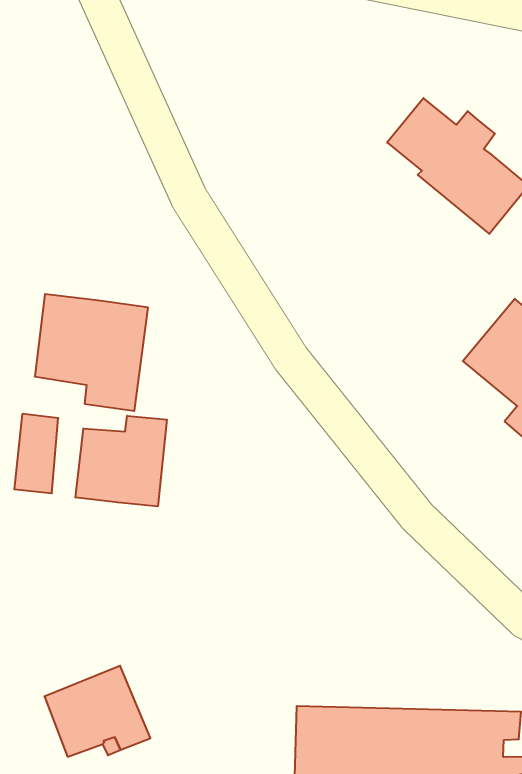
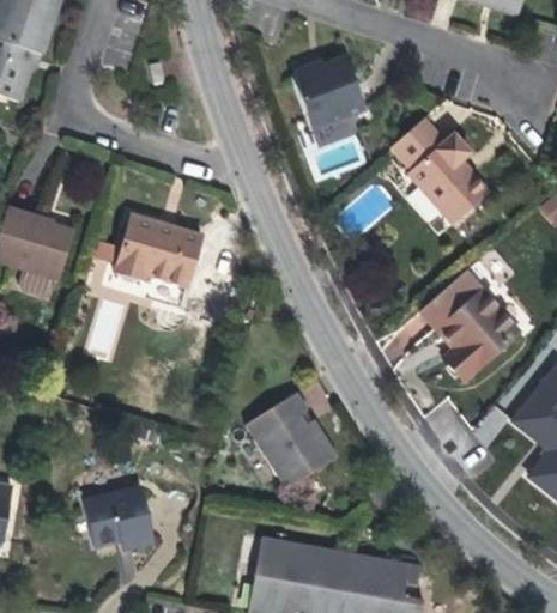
building: none -> [291,57,365,131]
building: [76,416,167,506] -> none
building: none -> [246,392,338,488]

